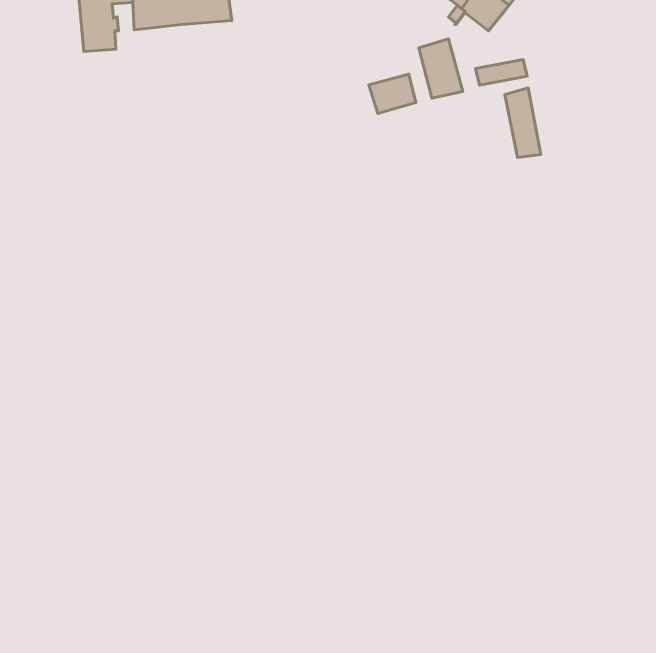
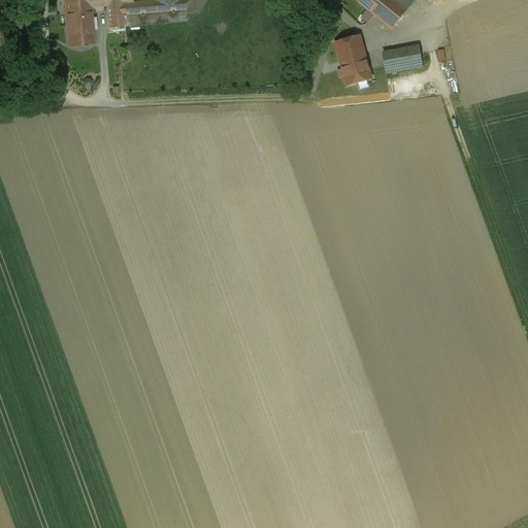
building: [369,74,416,113] -> none
building: [505,88,541,158] -> none

